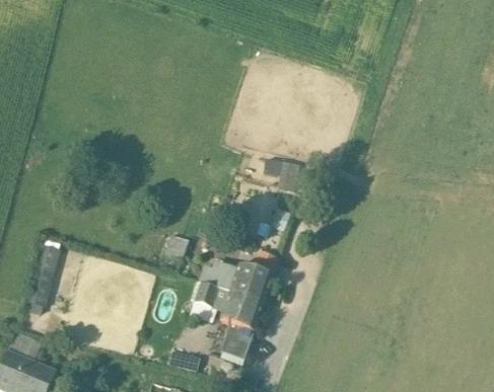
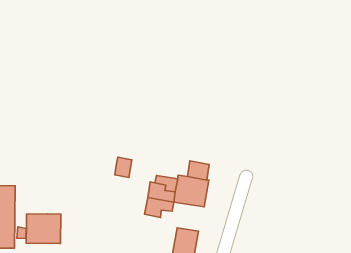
building: none -> [26,214,61,243]
building: [222,290,264,326] -> none

